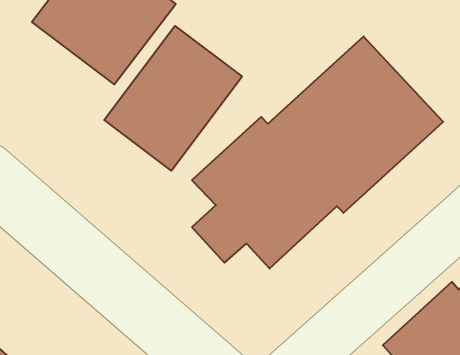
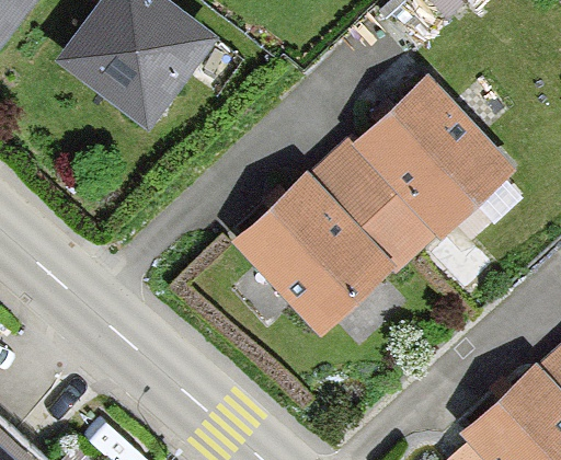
building: [104,26,242,171] -> none

